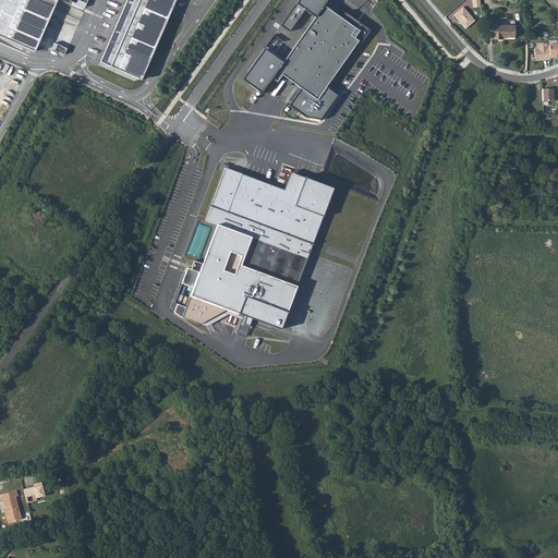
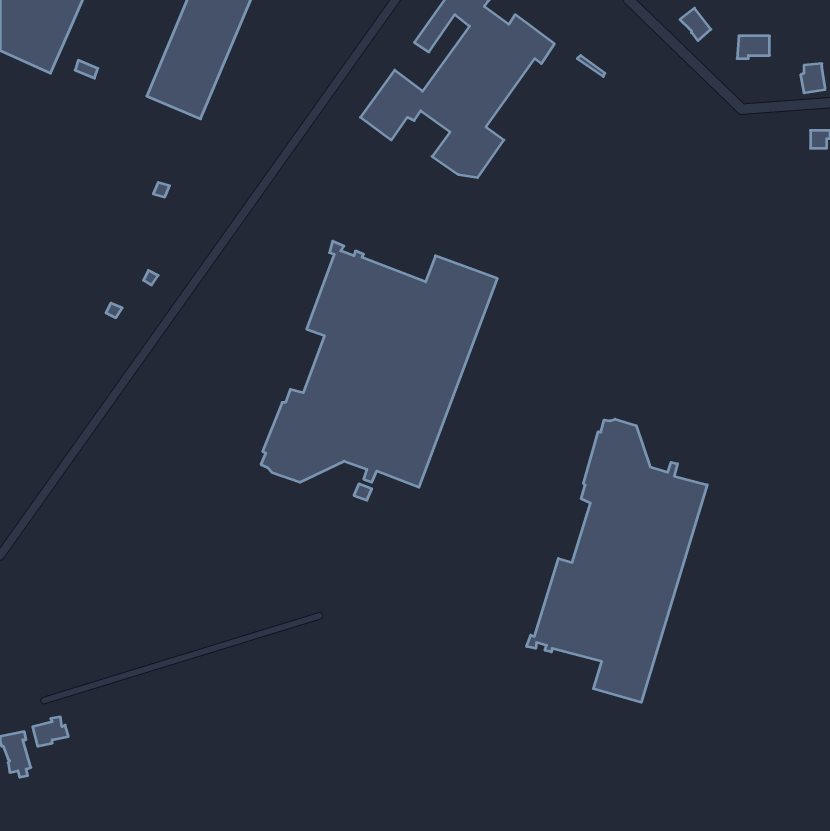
building: none -> [527,419,707,702]

